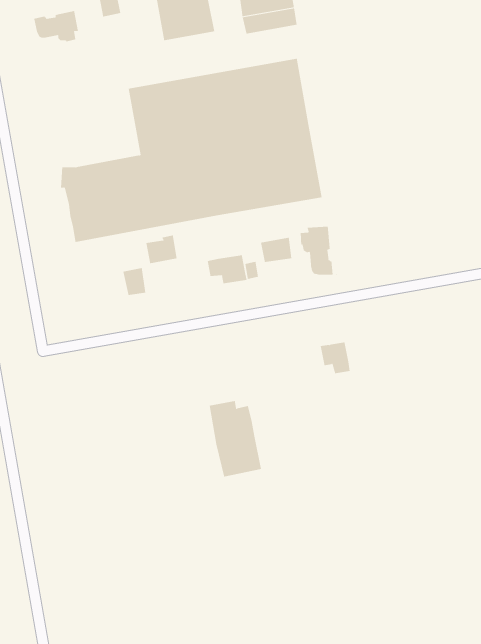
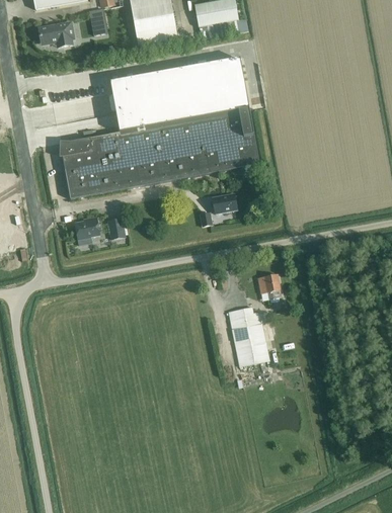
building: [300,226,337,276] -> none
building: [146,235,177,264] -> [75,216,99,238]
building: [207,254,247,284] -> none
building: [209,400,262,477] -> [228,307,268,365]

